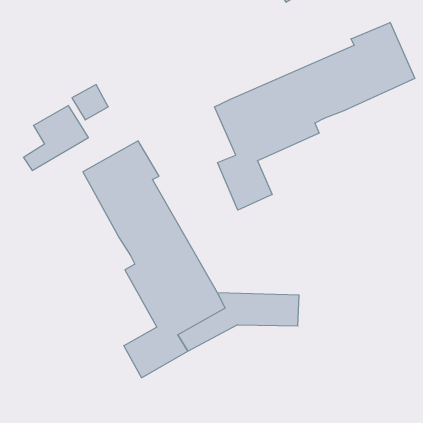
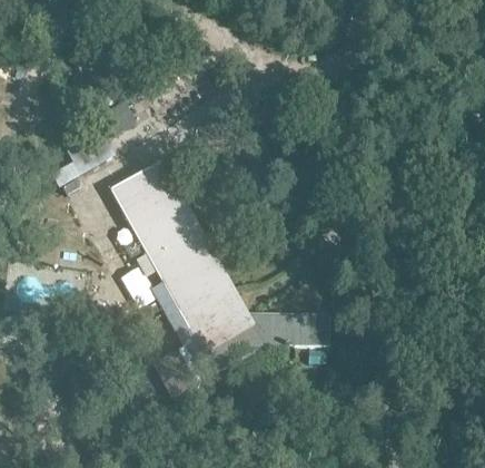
building: [215,22,415,210] -> none

